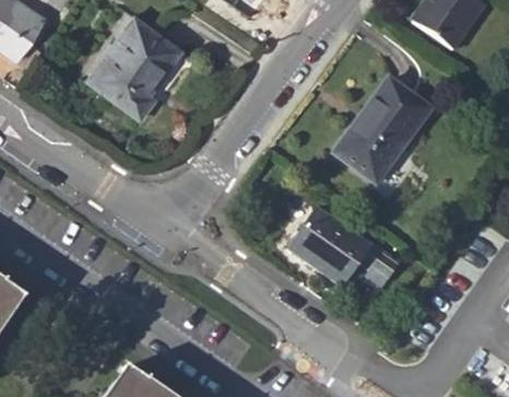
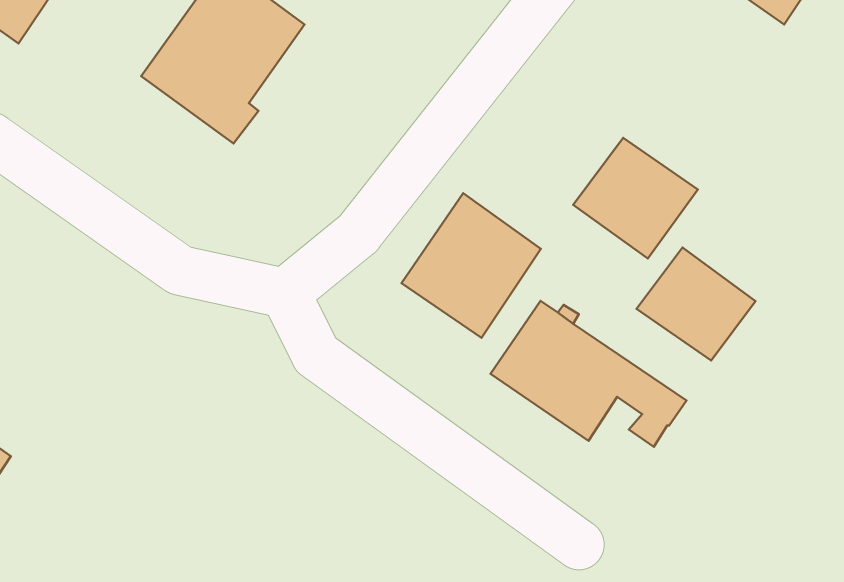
building: [363,80,430,144] -> [636,247,755,361]
building: none -> [402,193,541,338]

